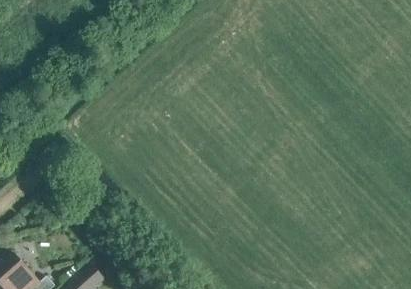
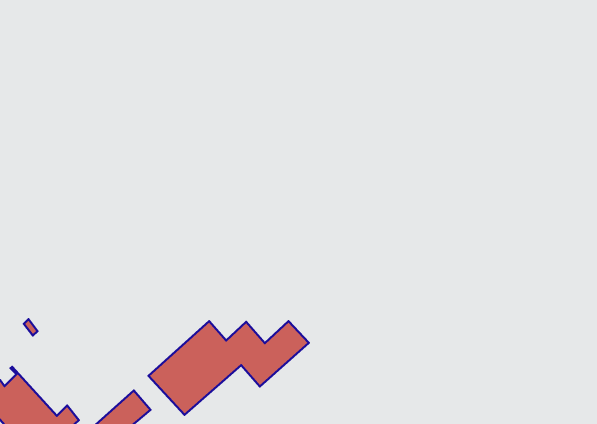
building: none -> [148,321,309,415]

